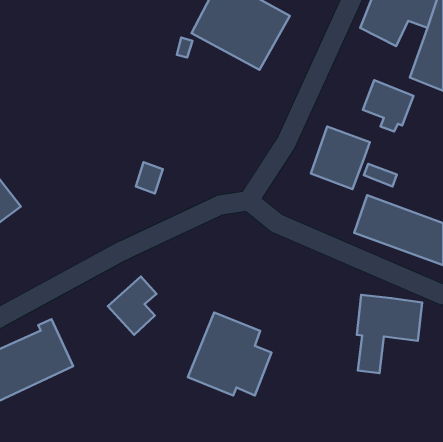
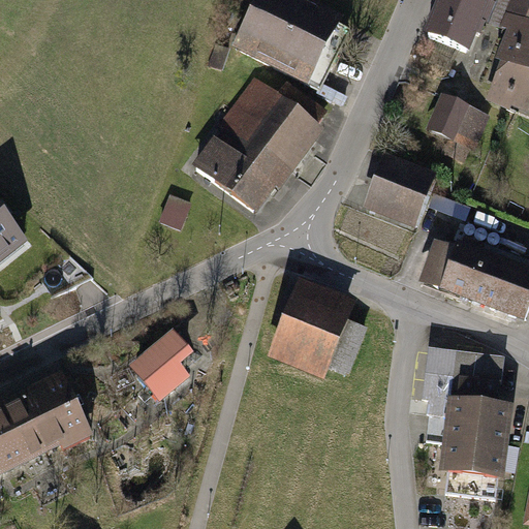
building: none -> [190,76,323,214]
building: [188,313,271,395] -> [270,279,369,377]
building: none -> [444,399,505,497]

